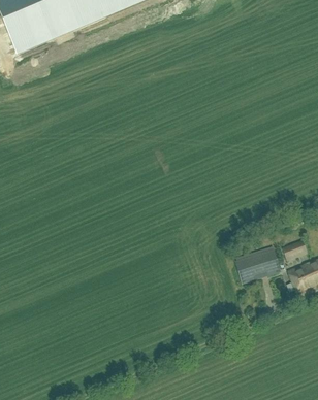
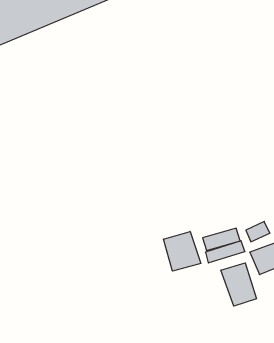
building: none -> [163,231,201,271]
building: none -> [221,263,257,306]

